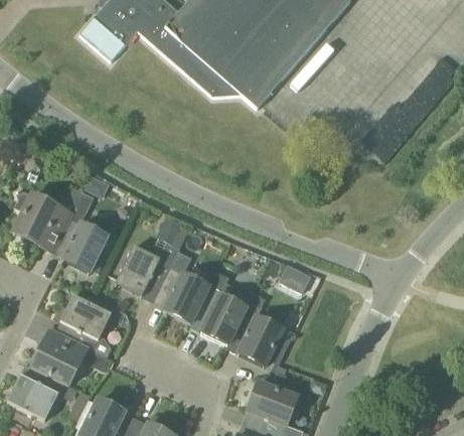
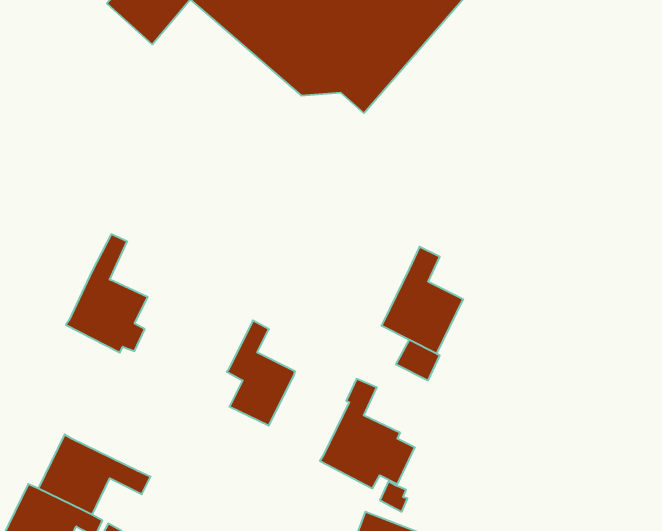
building: [14,186,83,251] -> none
building: [116,215,190,297] -> none
building: [190,271,247,344] -> [381,247,463,353]
building: [55,295,112,354] -> none

